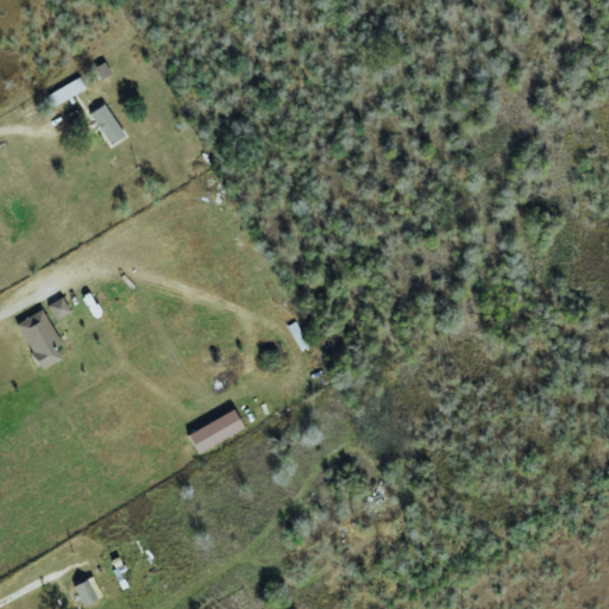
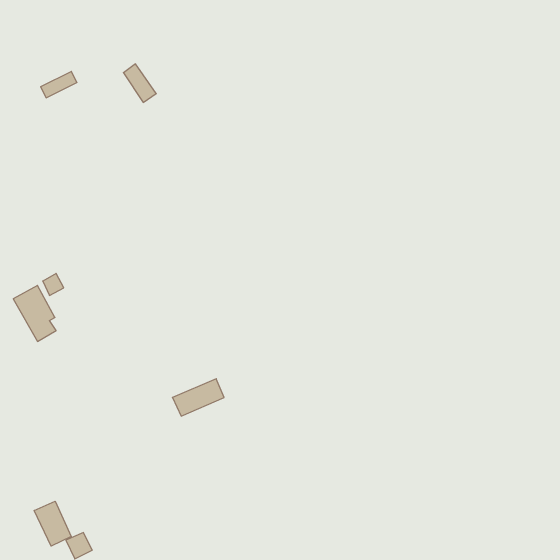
building: [89,103,125,145] -> [123,64,156,102]
building: none -> [34,501,71,546]

